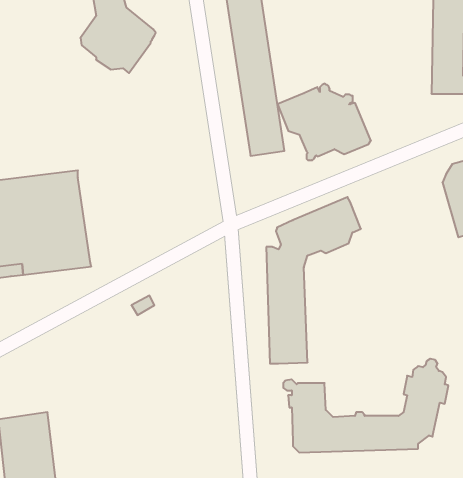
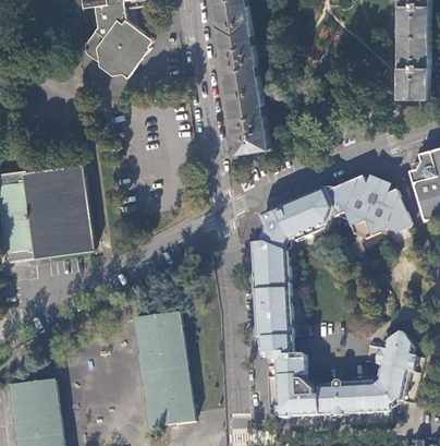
building: [277,84,371,160] -> [326,173,410,242]
building: none -> [131,311,188,427]
building: none -> [261,336,289,358]

